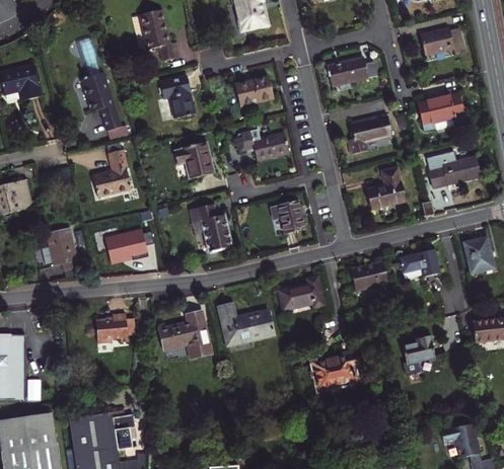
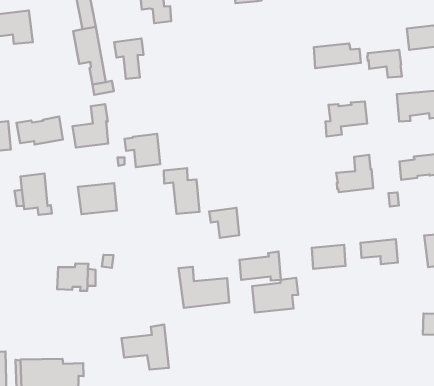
building: none -> [367,50,402,78]
building: [158,75,190,118] -> [114,39,144,79]
building: [234,77,273,105] -> none
building: [234,128,288,160] -> none
building: [173,142,213,178] -> [125,134,160,167]
building: none -> [16,117,63,145]
building: [270,201,303,233] -> [209,208,239,238]
building: [158,310,210,358] -> [122,324,169,370]
building: [402,335,434,375] -> none
building: [311,348,359,389] -> [252,278,298,313]

